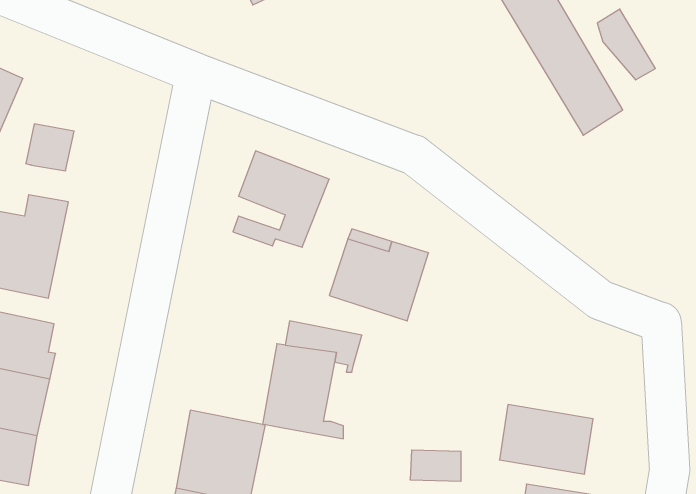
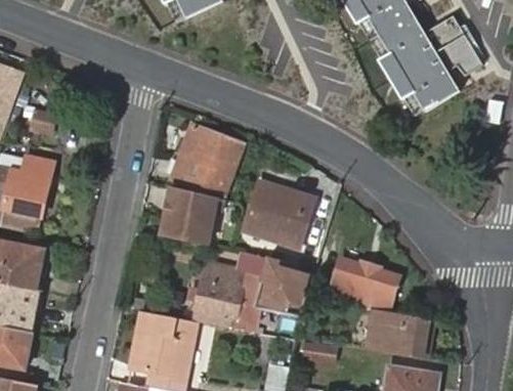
building: none -> [163,186,224,245]
building: none -> [260,257,306,307]
building: none -> [329,257,398,306]

